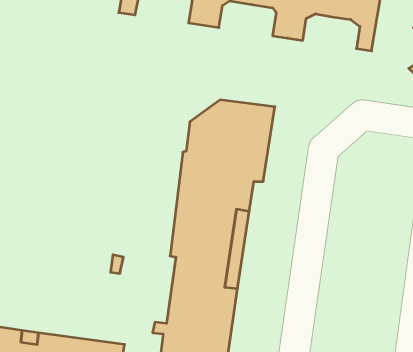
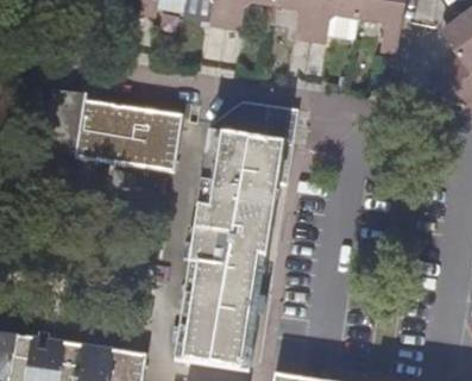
building: none -> [42,90,181,174]

